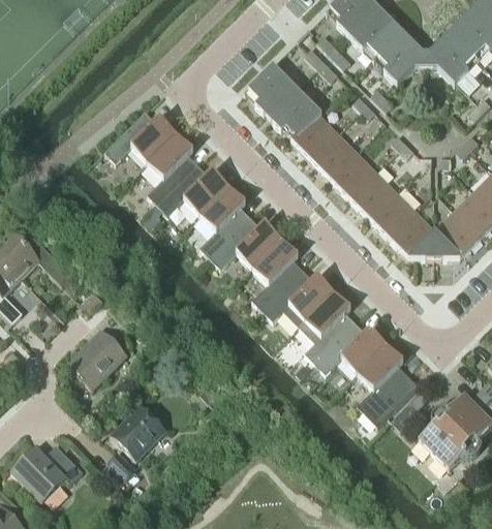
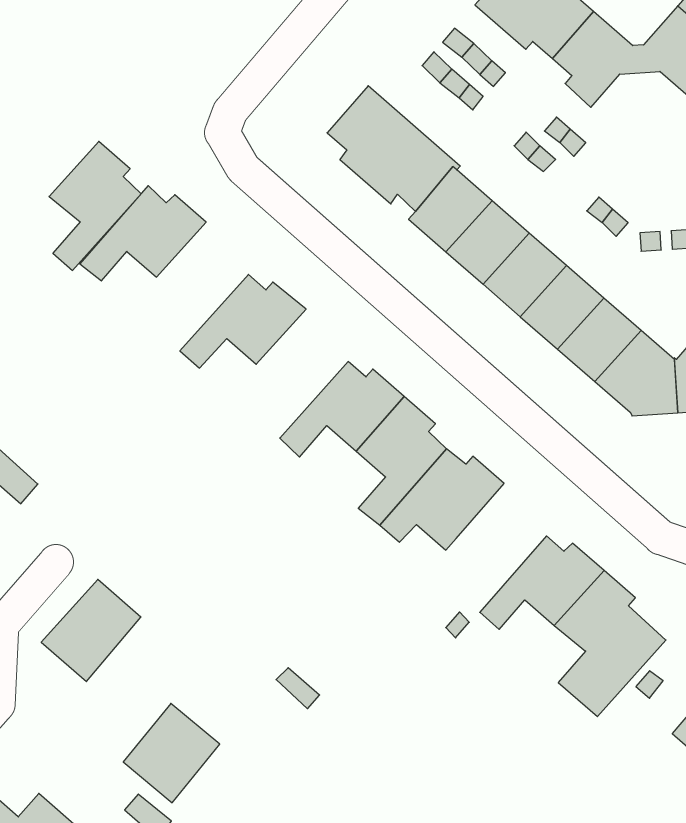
building: [148,134,199,206] -> [49,141,141,270]
building: [201,187,252,258] -> none
building: [300,292,357,364] -> none

